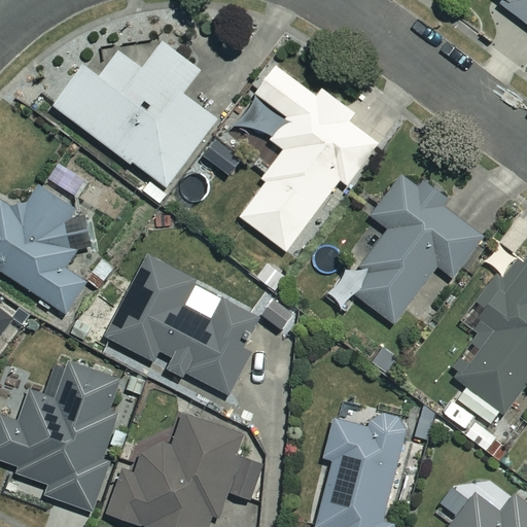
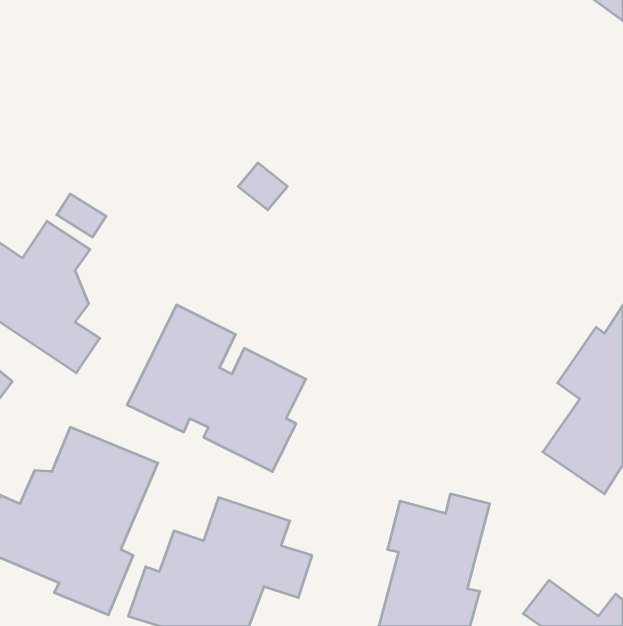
building: [55,43,217,187] -> none
building: [239,67,378,251] -> none
building: [329,170,483,322] -> none

